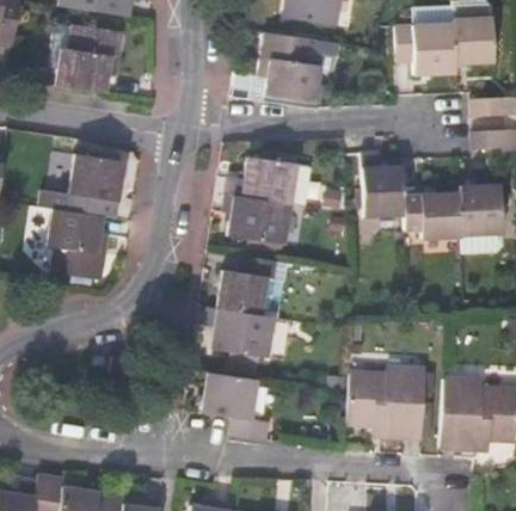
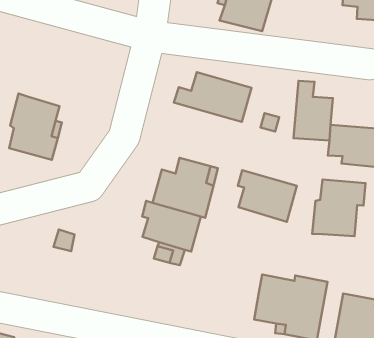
building: [64,153,122,215] -> none
building: [225,195,290,246] -> [238,170,297,222]
building: none -> [312,180,365,236]
building: [202,373,268,439] -> none

